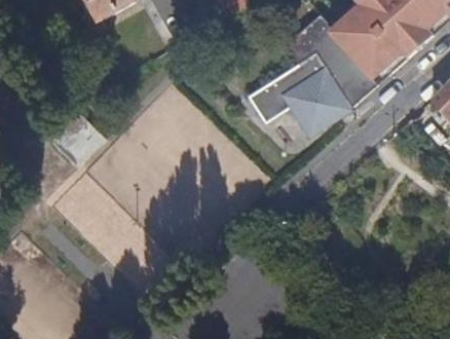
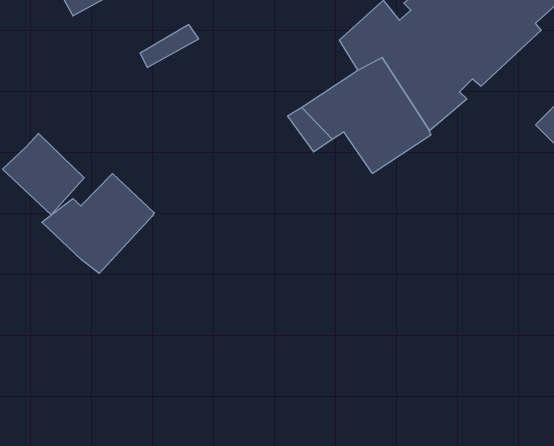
building: none -> [42,174,154,273]

